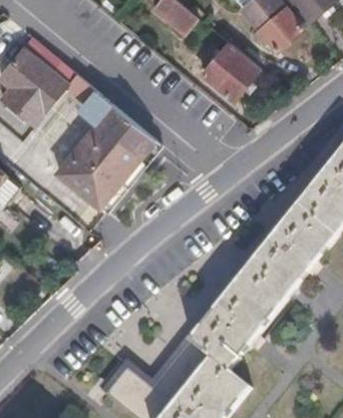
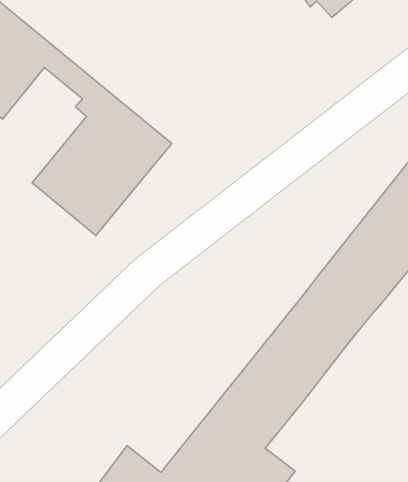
building: [200,40,258,98] -> none

